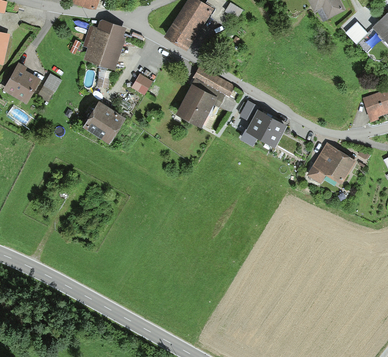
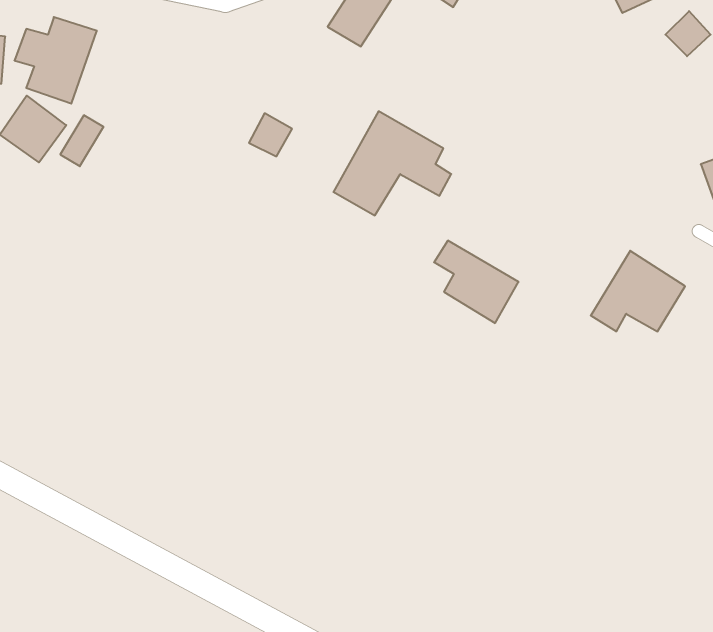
building: [83,22,125,66] -> [14,17,97,104]
building: [88,102,125,138] -> none
building: [243,103,286,145] -> [434,241,519,323]

